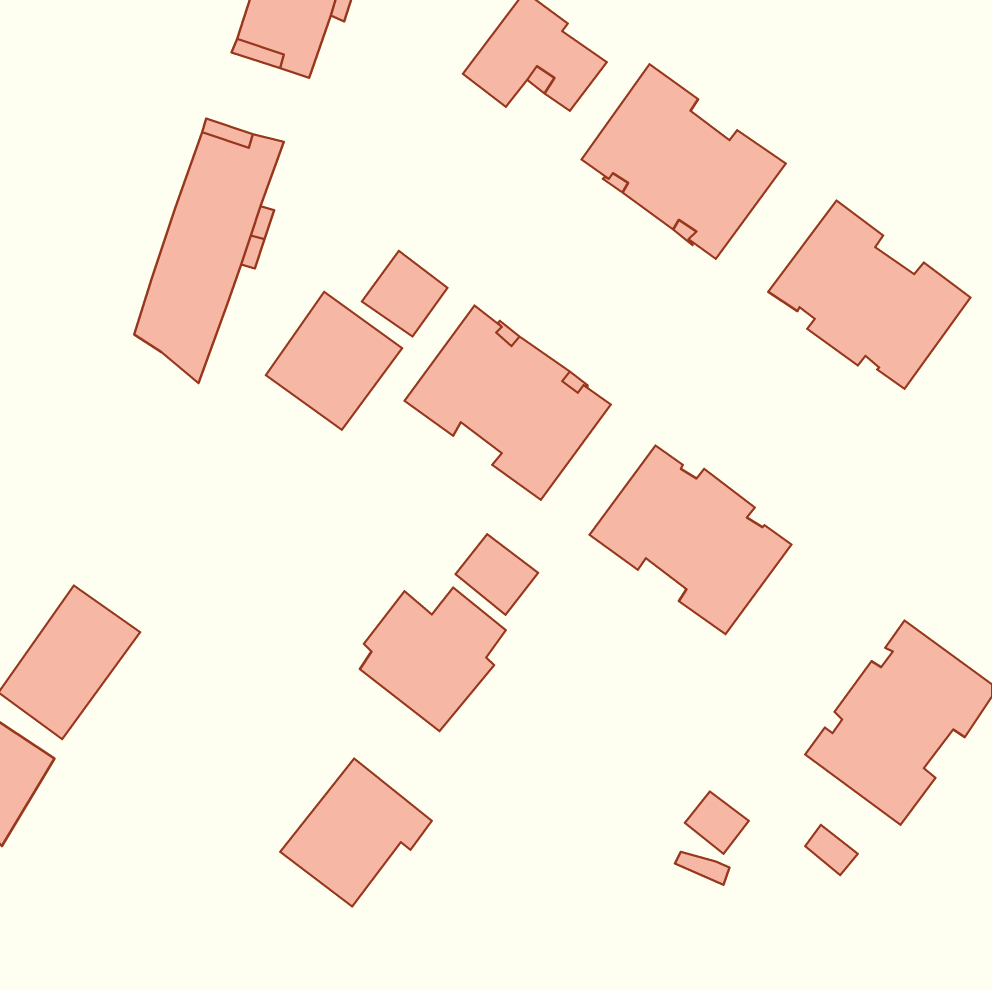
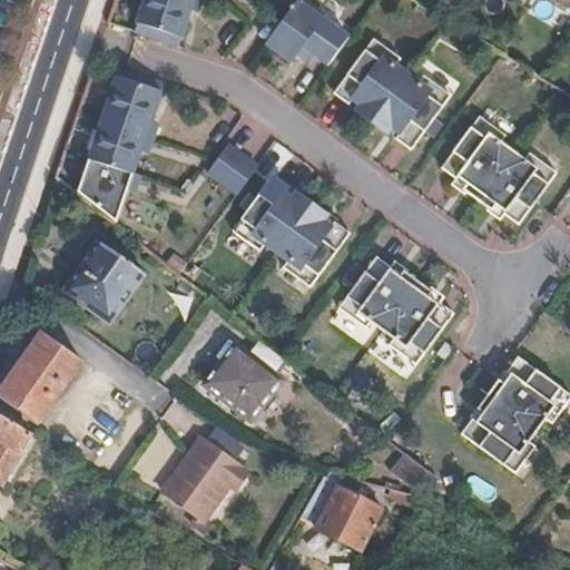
building: [266,292,402,430] -> [65,242,142,321]
building: [455,534,538,615] -> none
building: none -> [301,470,382,551]

